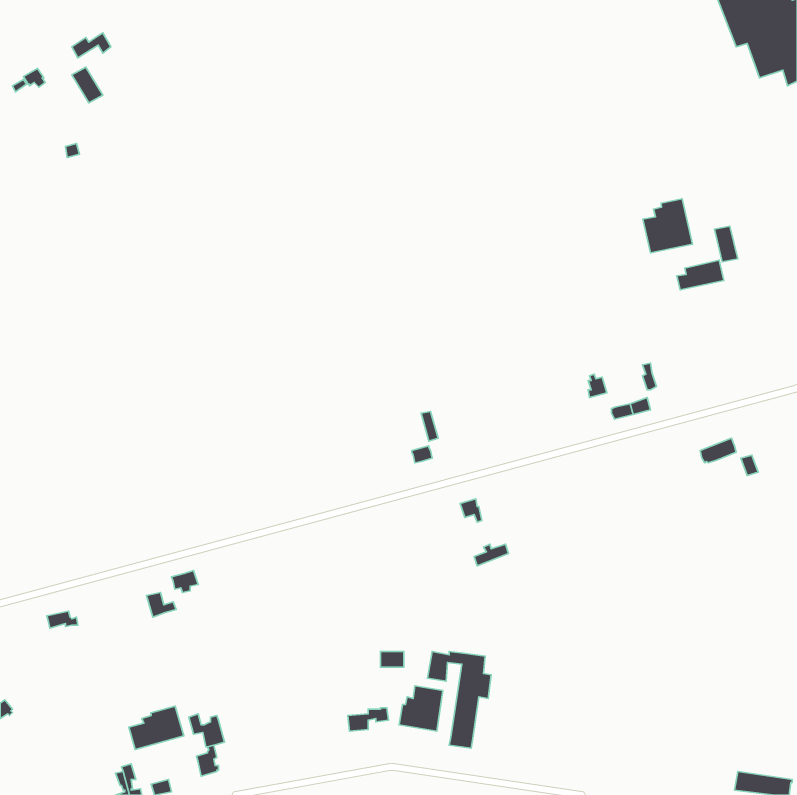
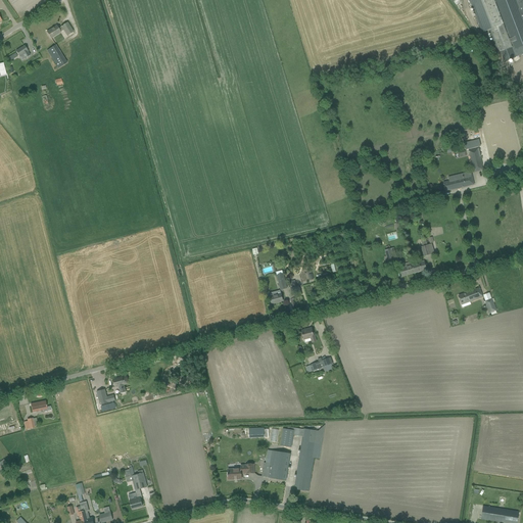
building: [643,199,692,253] -> none
building: [129,706,184,749] -> none

